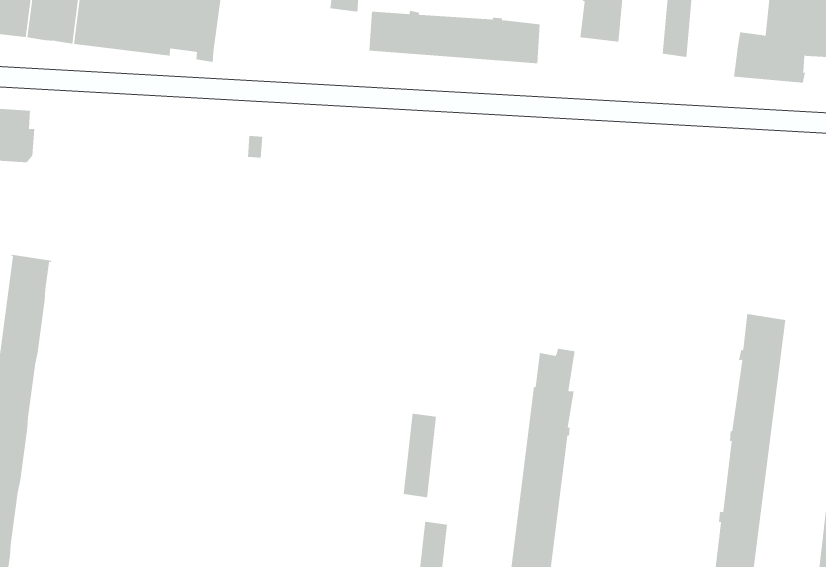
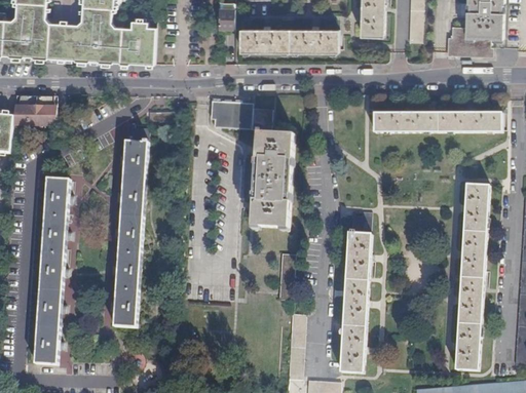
building: none -> [213,105,294,228]
building: none -> [113,124,148,327]
building: none -> [373,111,501,133]

